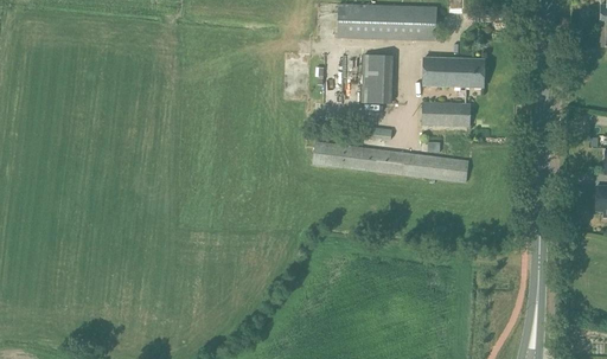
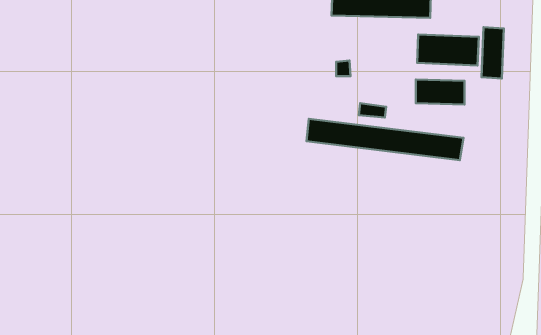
building: none -> [482,27,504,78]
building: [362,53,394,102] -> none

